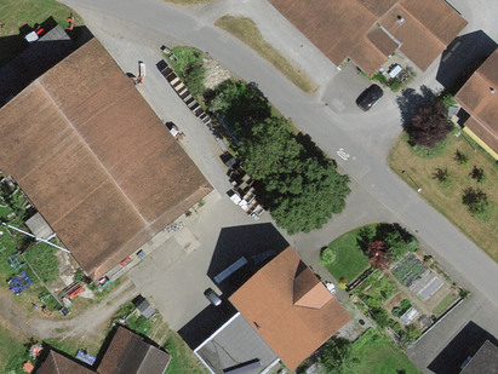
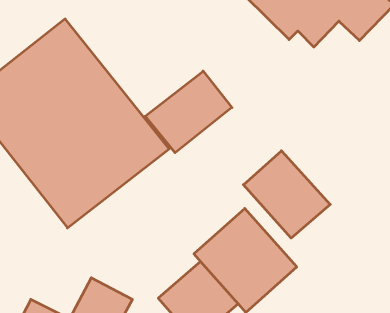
building: none -> [145,71,232,153]
building: none -> [243,151,330,238]

